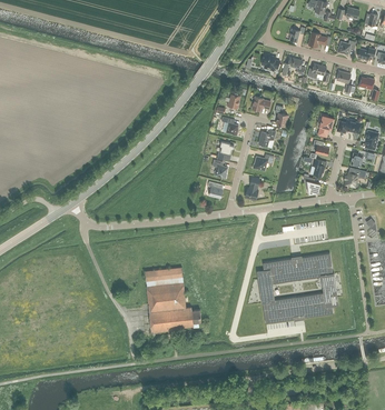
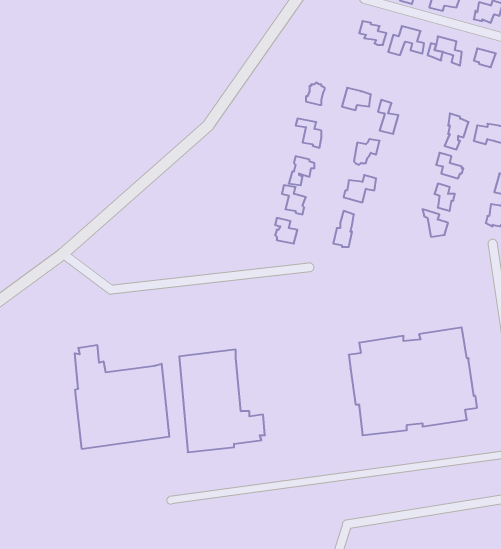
building: none -> [75,345,169,449]

